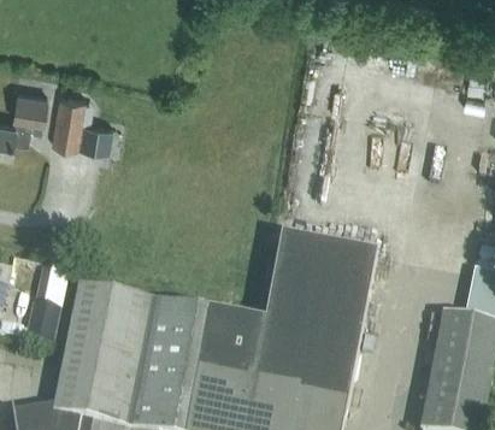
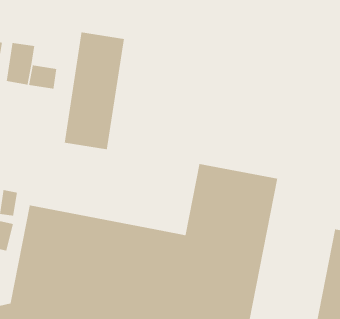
building: none -> [64,31,125,150]

